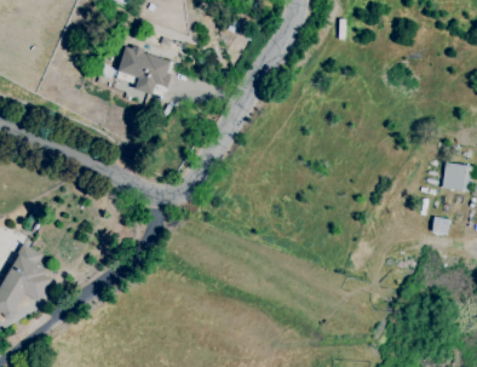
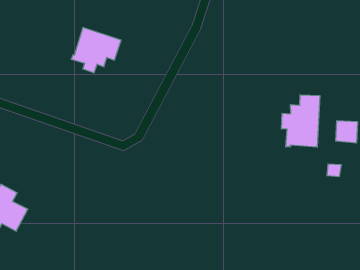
building: none -> [281,95,320,147]

